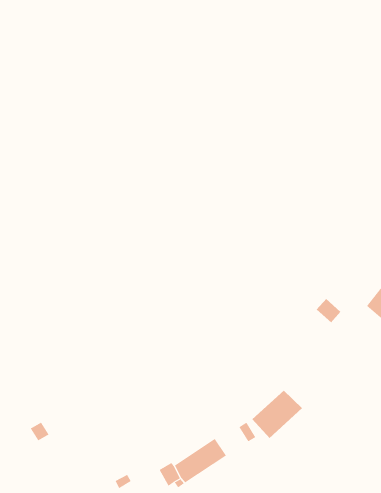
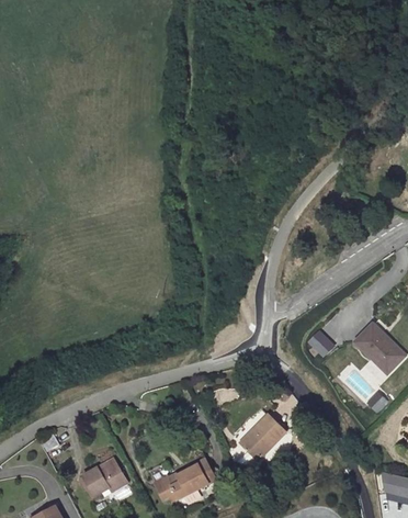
building: none -> [82,459,127,494]

